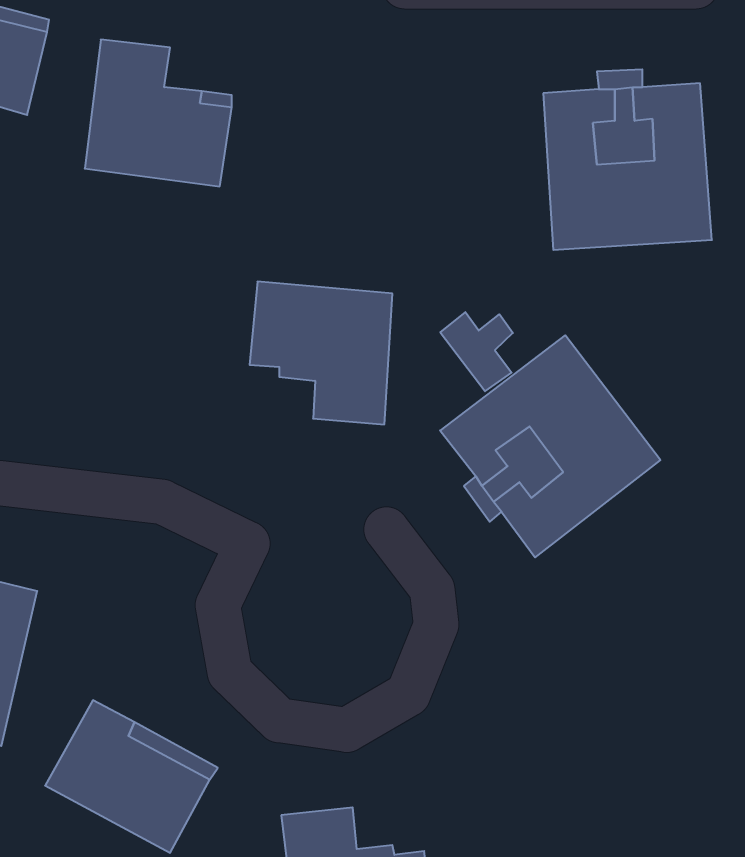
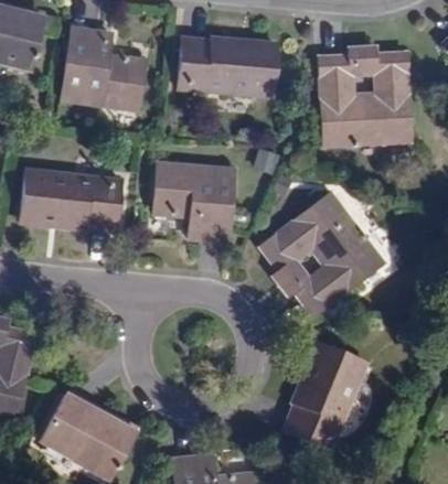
building: none -> [180,36,277,93]
building: none -> [23,170,120,226]
building: [440,312,513,391] -> none
building: none -> [285,343,364,449]

